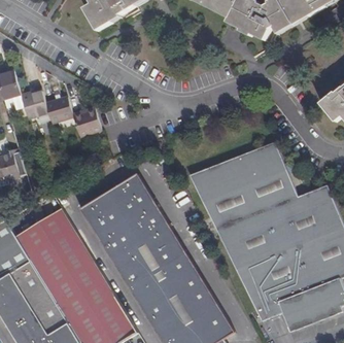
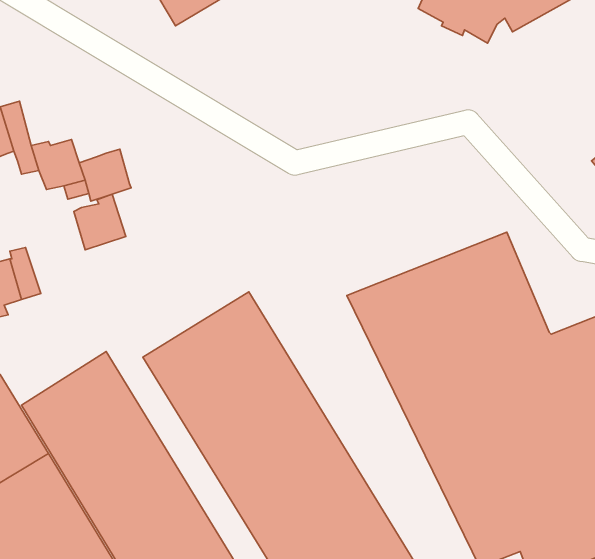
building: [73,108,101,138] -> [74,194,126,250]

